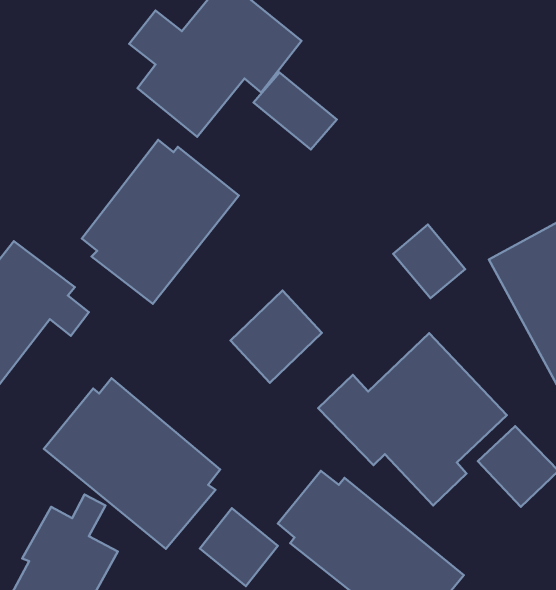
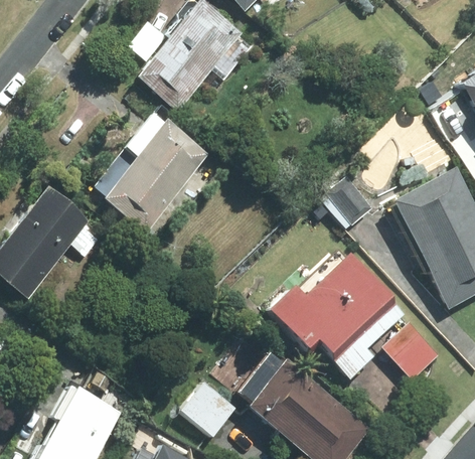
building: [254,72,337,150] -> none
building: [231,291,322,383] -> none
building: [44,378,220,549] -> none

